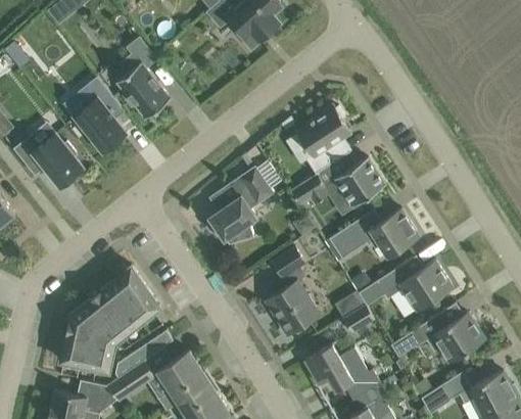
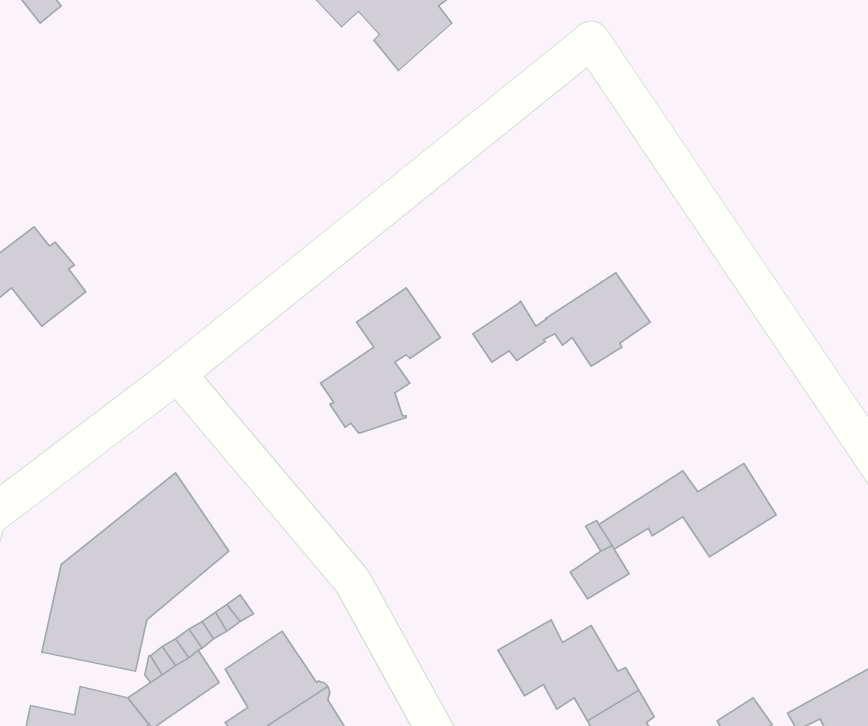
building: [116,39,170,119] -> none
building: [73,77,127,153] -> none
building: [296,105,350,175] -> none
building: [328,210,419,259] -> none
building: [268,247,319,335] -> none
building: [390,313,484,362] -> none

